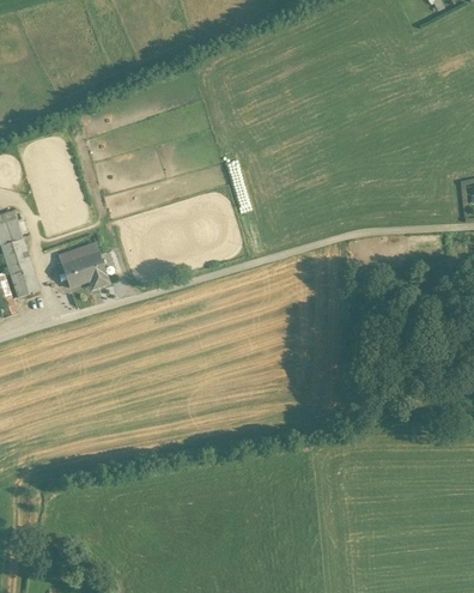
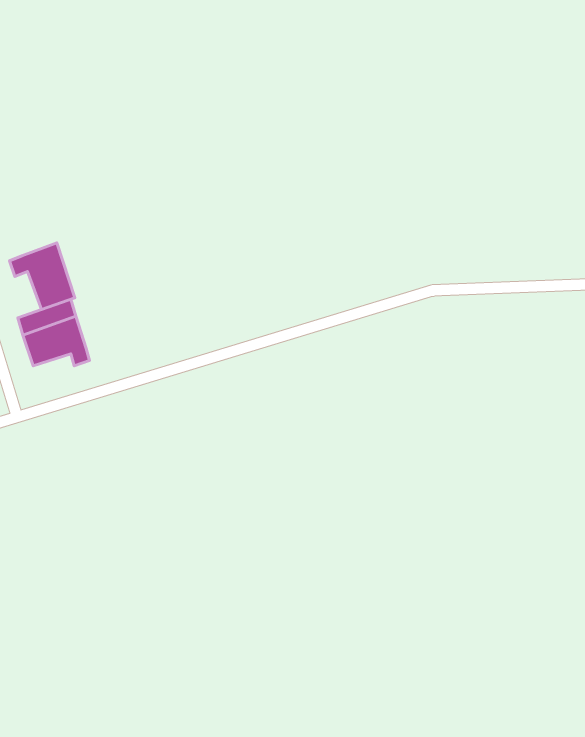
building: none -> [9,243,75,310]

